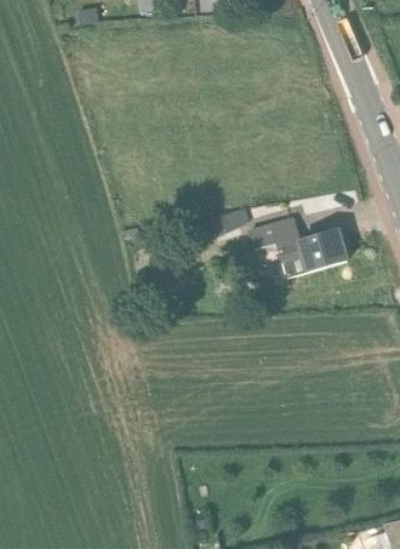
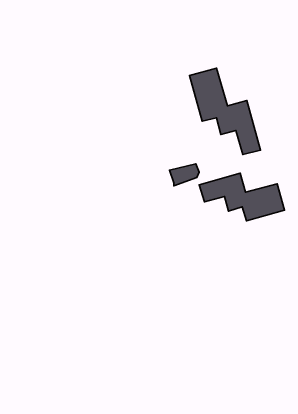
building: none -> [190,68,260,154]

